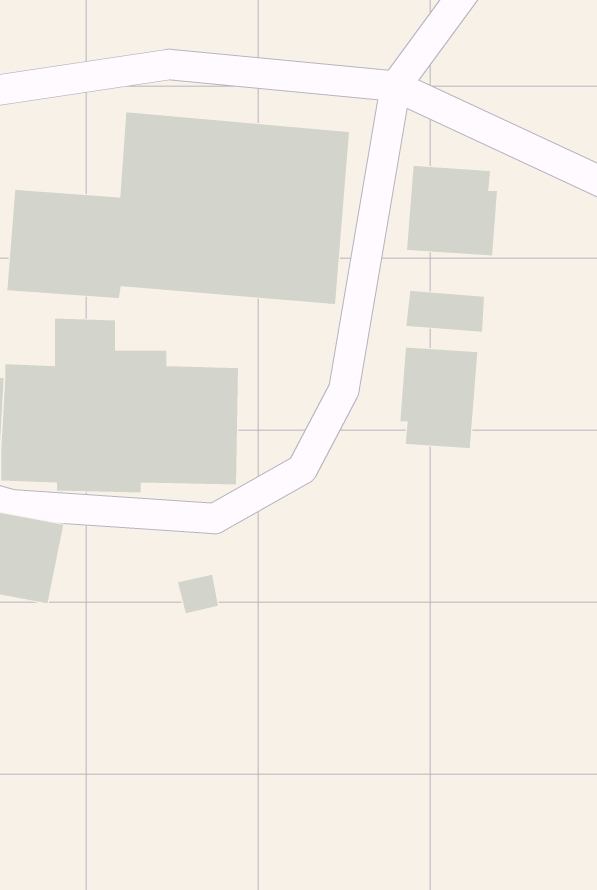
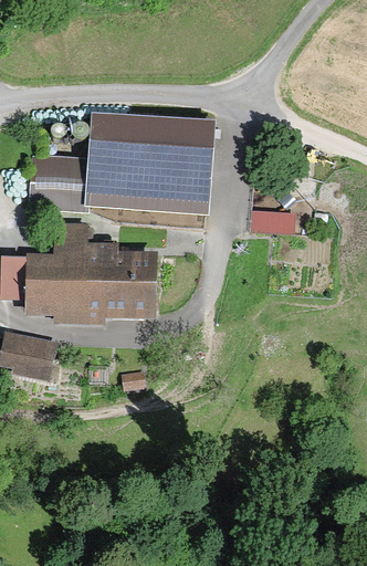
building: [407,165,498,256] -> none
building: [400,347,478,449] -> none

